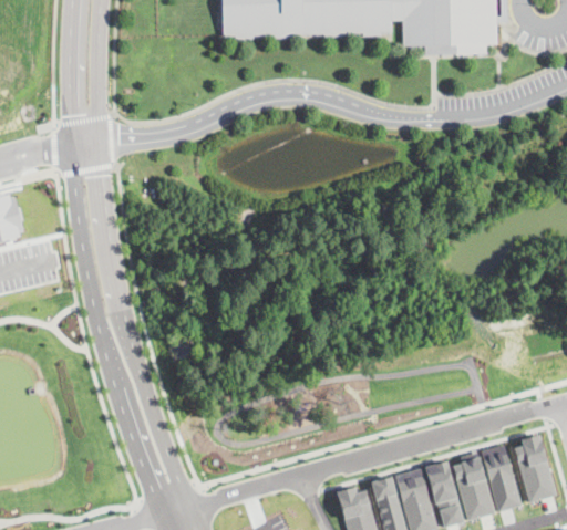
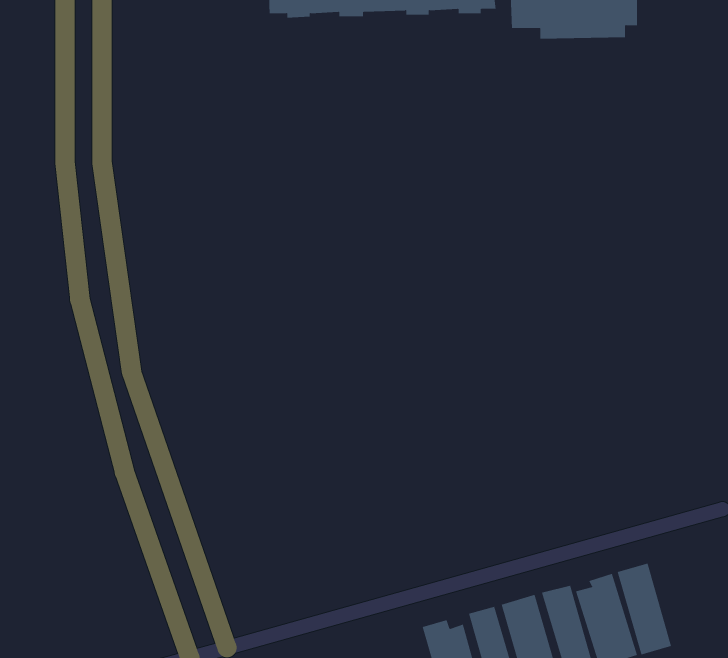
building: [513,433,557,501] -> none

